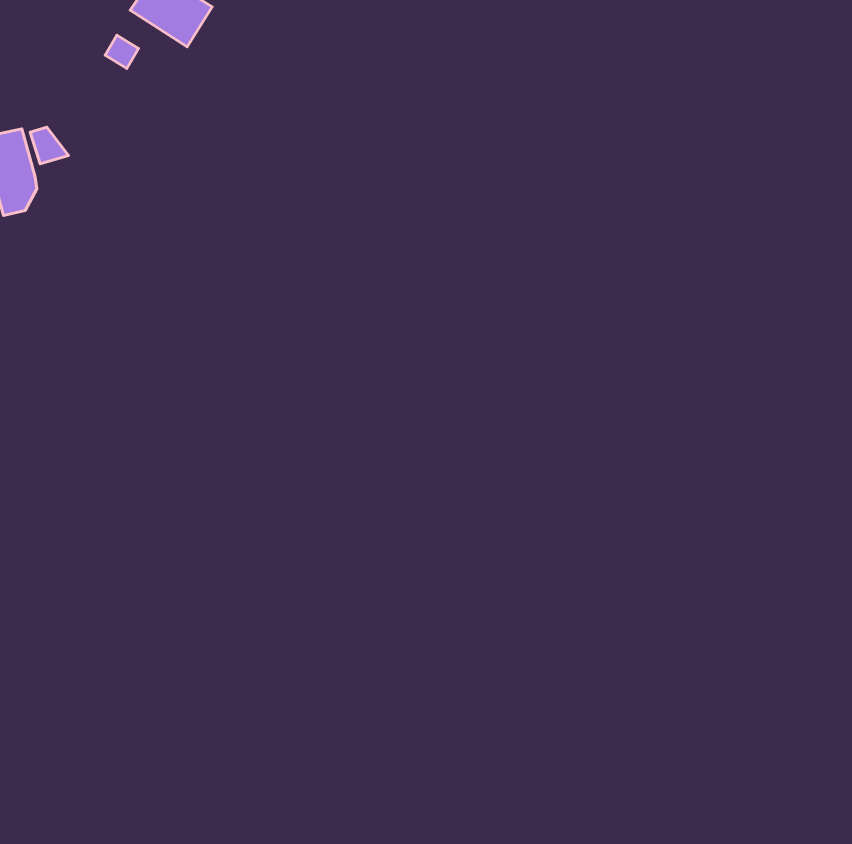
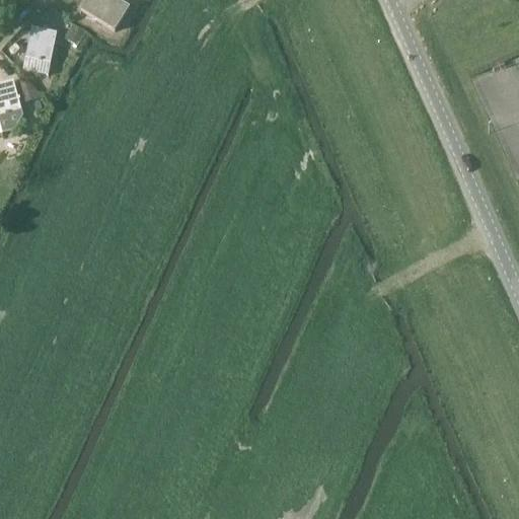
building: none -> [22,24,56,72]

